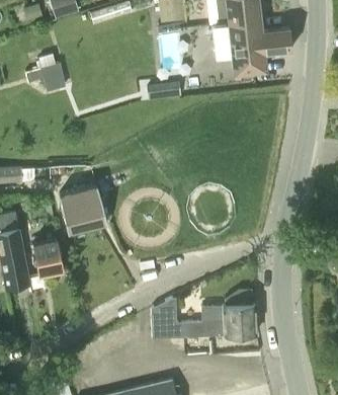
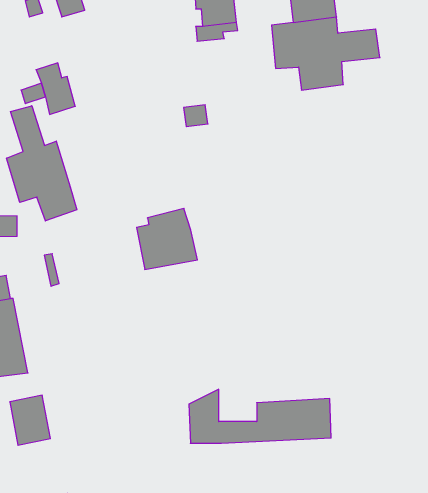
building: none -> [7,106,77,221]
building: [62,185,107,231] -> [137,208,197,269]
building: [33,239,64,276] -> [10,395,50,445]

